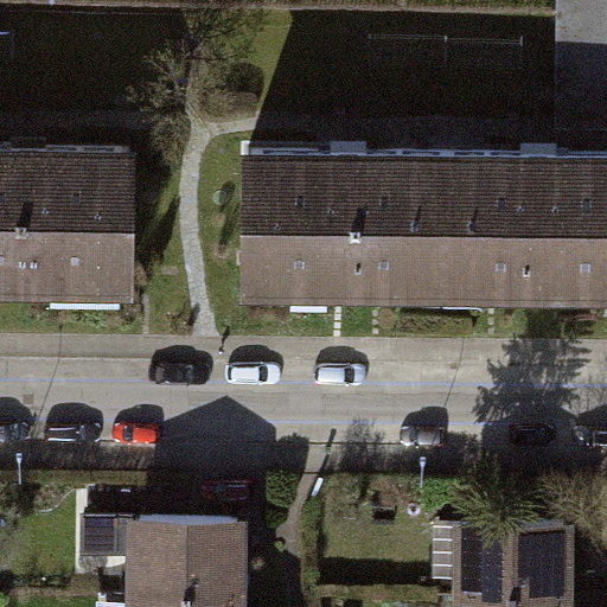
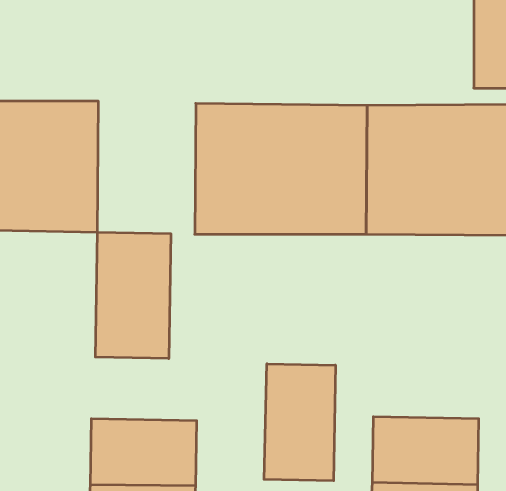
building: none -> [95,232,171,359]
building: none -> [264,364,335,481]

